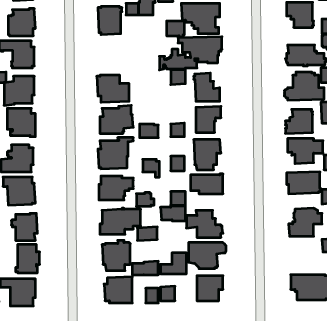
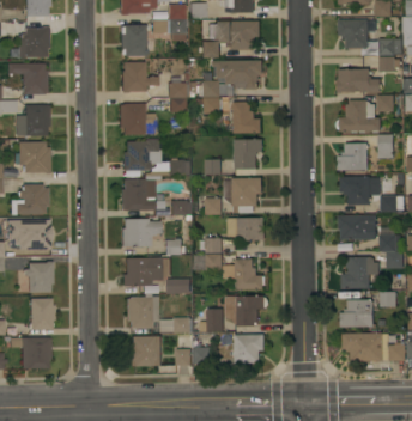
building: none -> [122,61,159,92]
building: none -> [170,75,190,112]
building: none -> [339,298,375,327]

